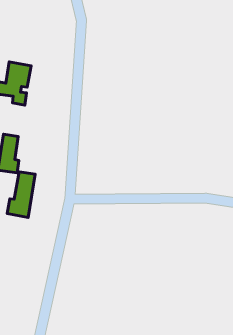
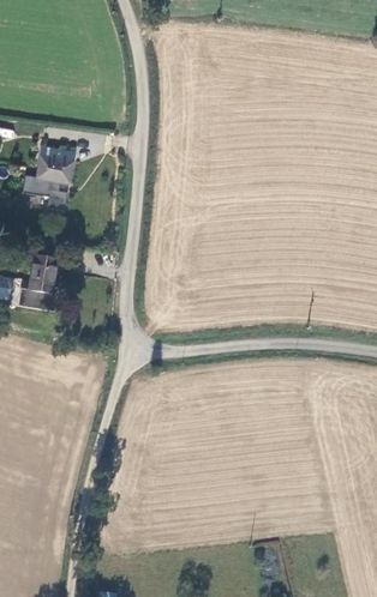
building: [7,172,35,218] -> none

